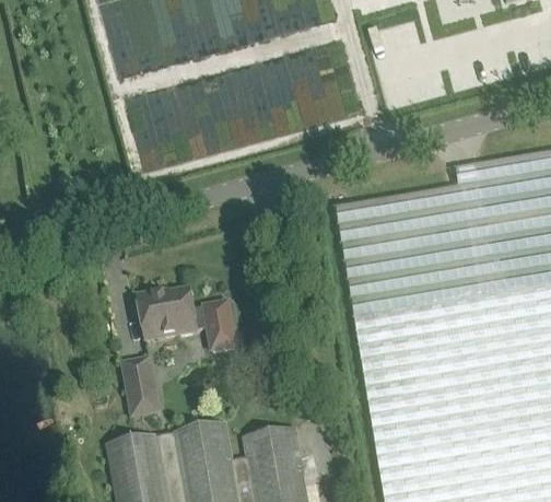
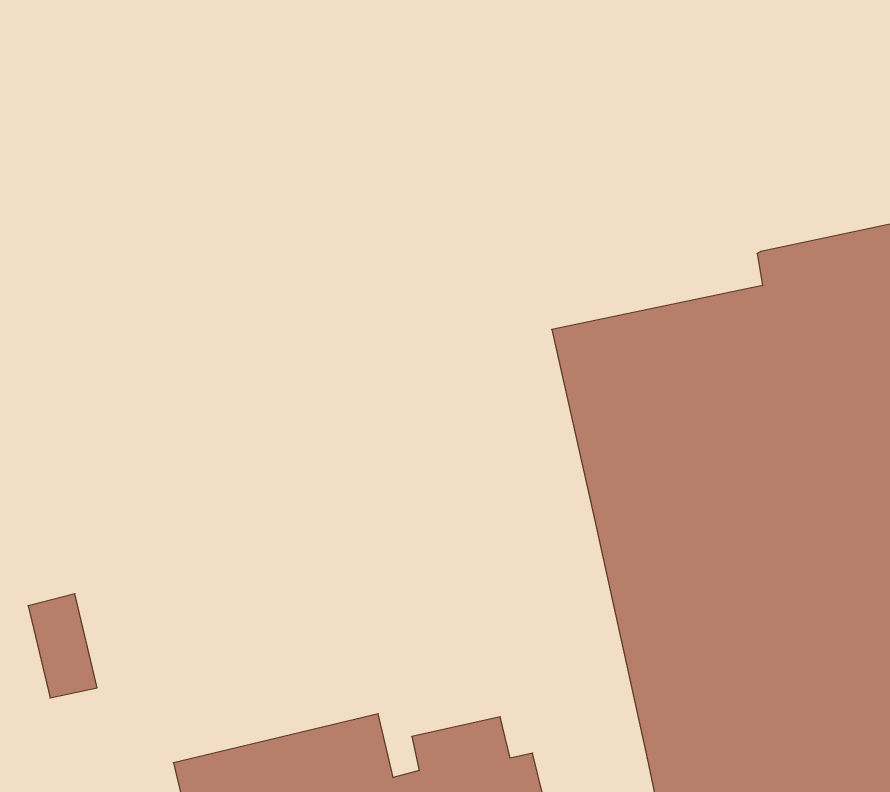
building: [138,291,235,354] -> none
building: [122,359,160,418] -> [28,594,97,698]

